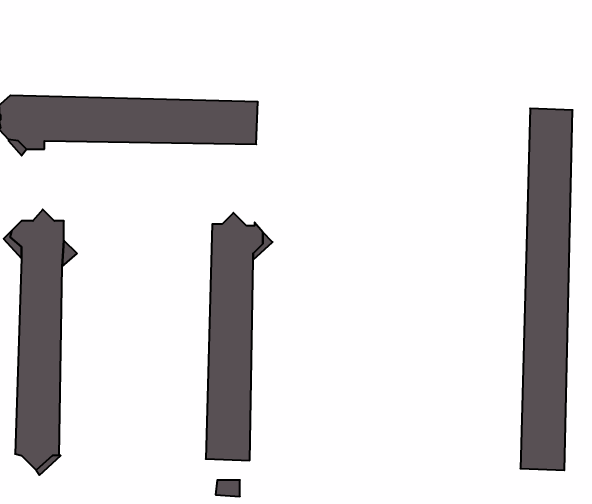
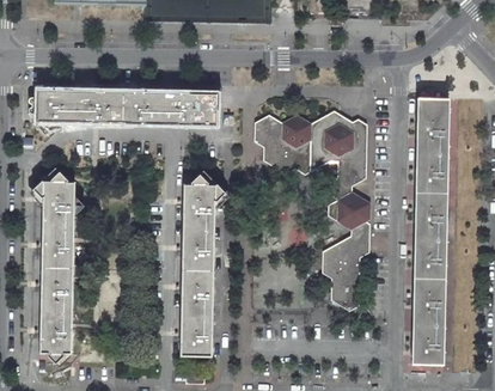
building: none -> [255,111,369,311]

